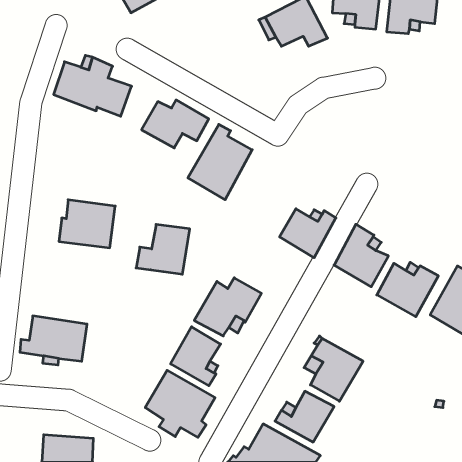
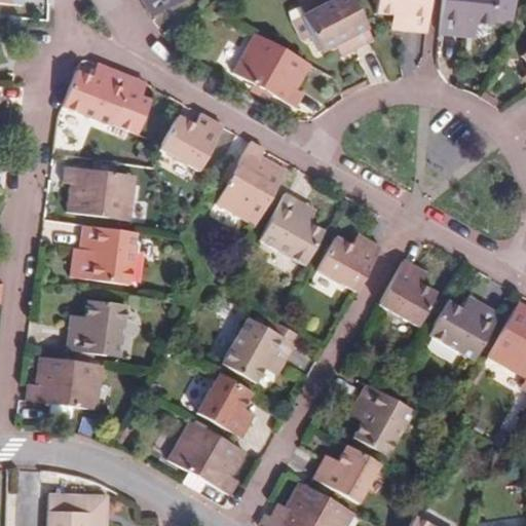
building: none -> [233,36,310,108]
building: none -> [63,164,135,218]
building: none -> [259,192,327,265]
building: [136,224,190,274] -> [64,299,124,355]

